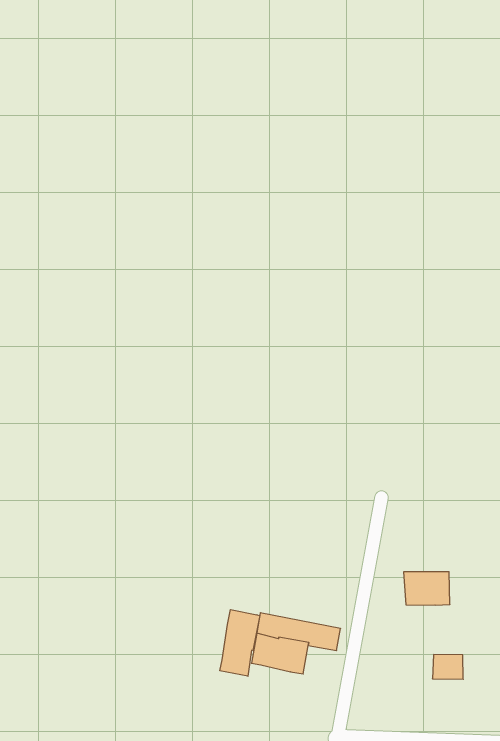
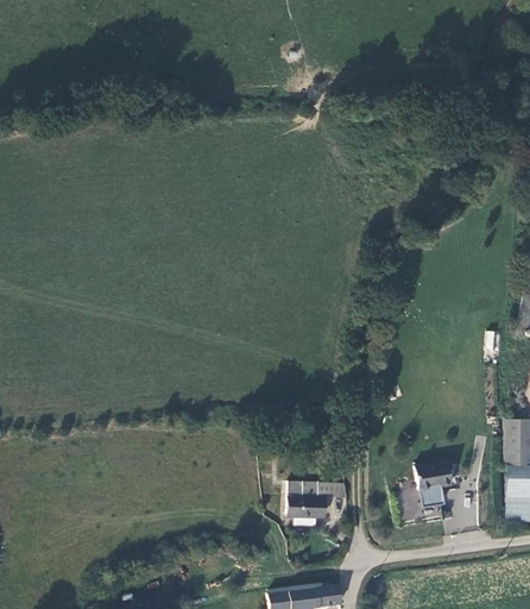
building: [404,572,450,605] -> [414,459,452,489]
building: [220,610,260,676] -> none

